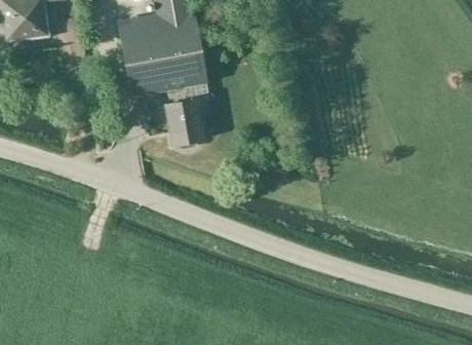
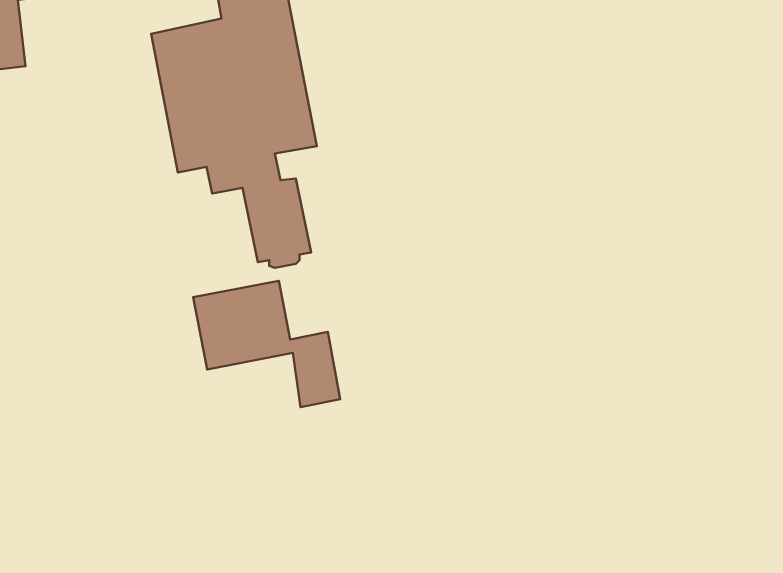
building: none -> [193,281,340,407]

